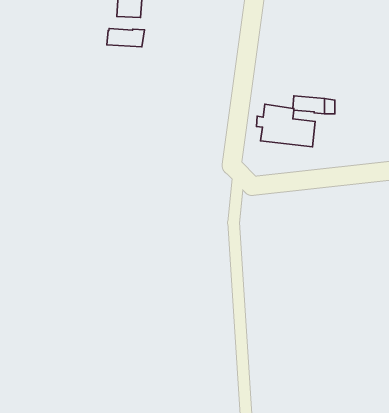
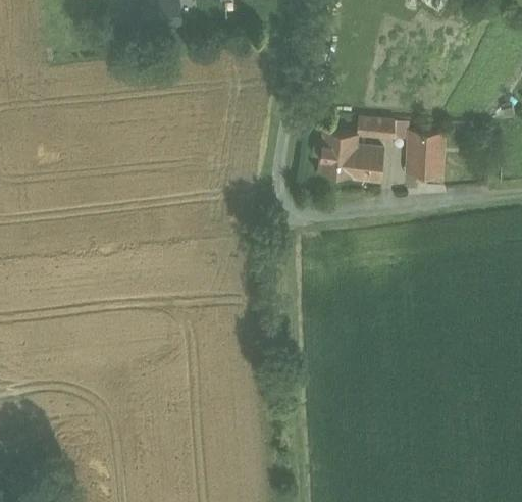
building: [107,29,144,47] -> none
building: none -> [408,130,446,174]

